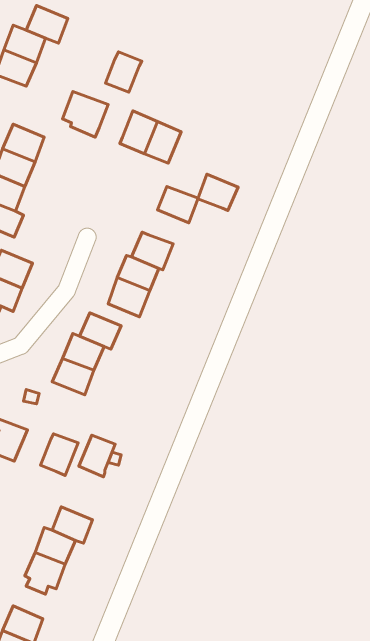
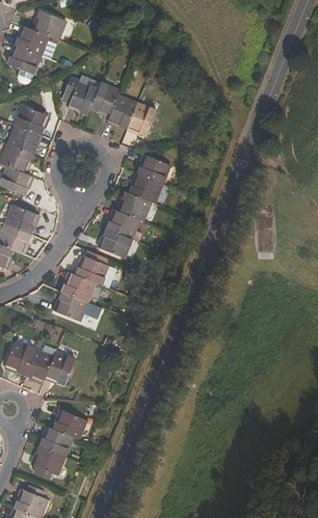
building: [105,52,142,92] -> [91,82,121,114]
building: [198,174,238,211] -> [131,172,163,201]
building: [79,435,115,477] -> [24,348,53,381]

